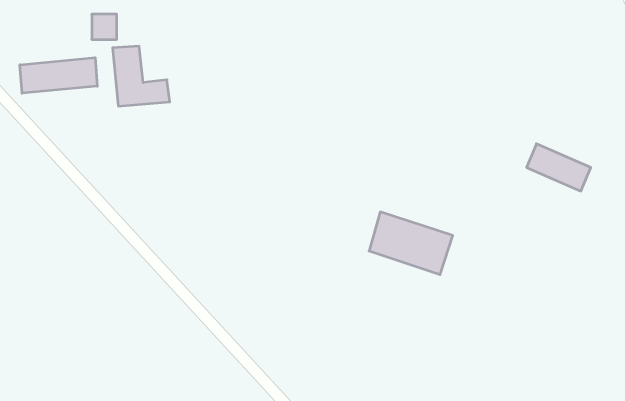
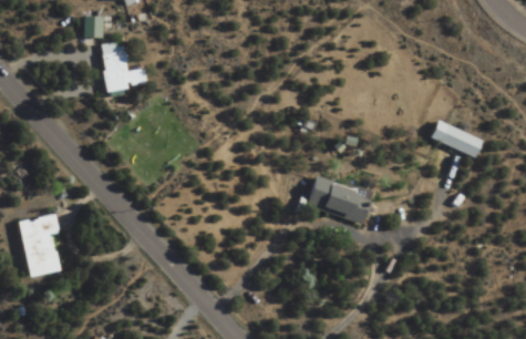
building: [20,58,97,93] -> none
building: none -> [21,215,60,277]

